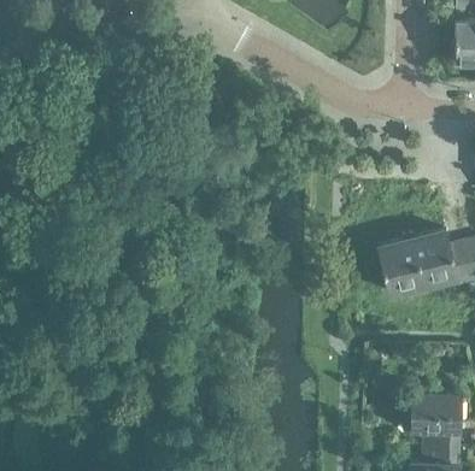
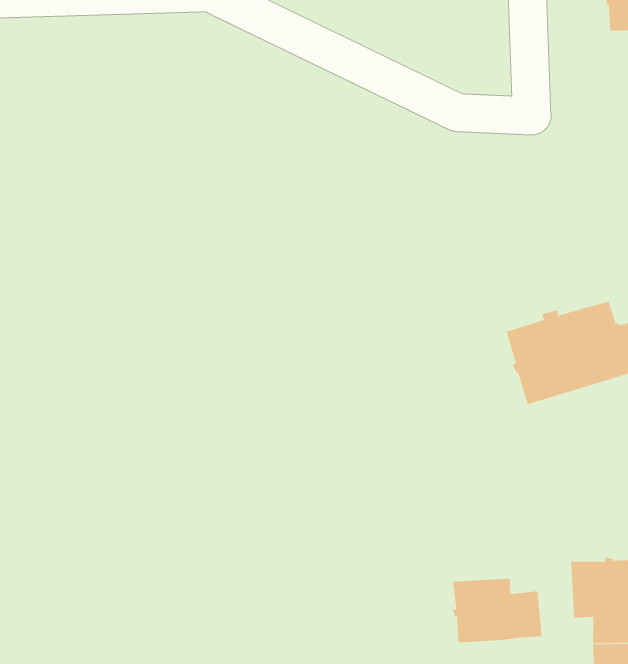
building: none -> [452,578,542,643]

